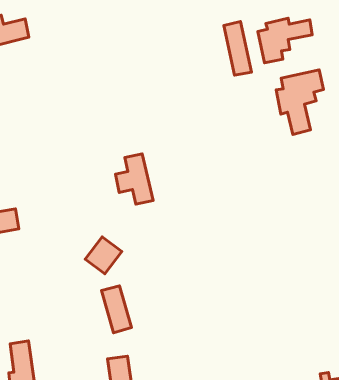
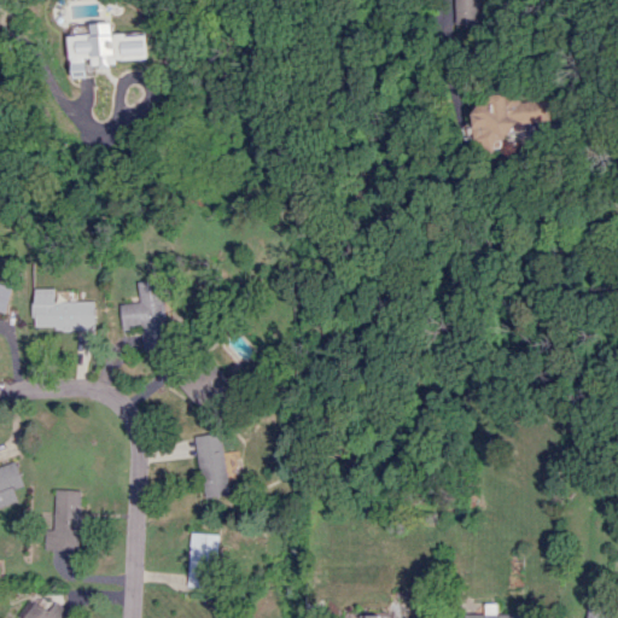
building: [224,21,251,75] -> none
building: [276,70,324,135] -> none
building: [115,154,153,204] -> [121,281,168,351]

